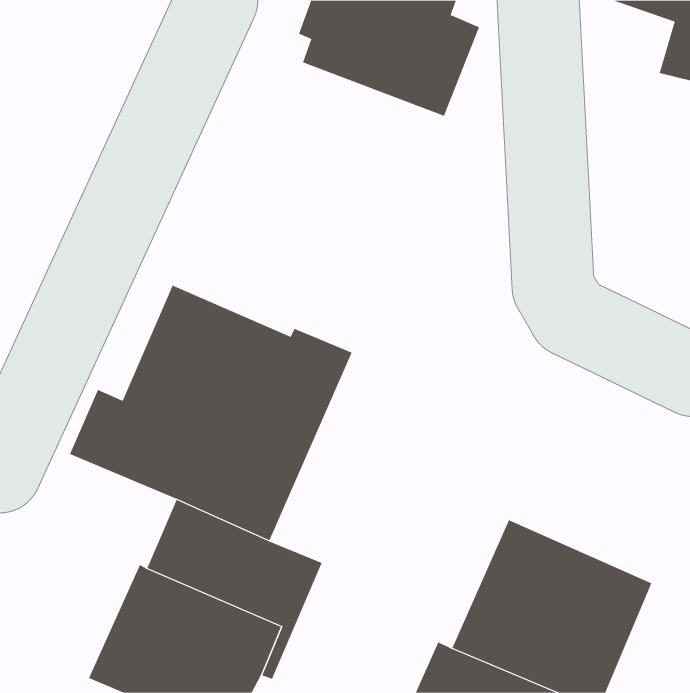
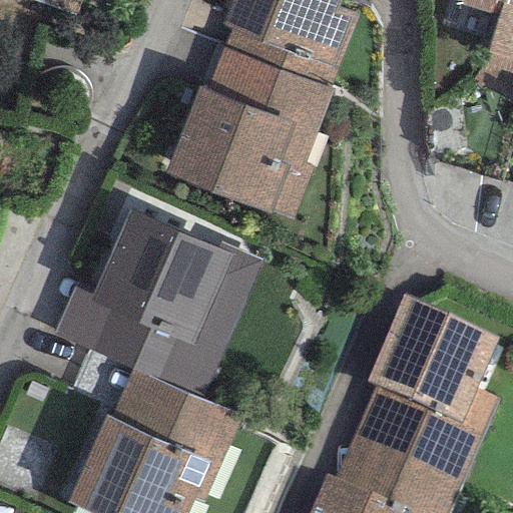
building: none -> [164,46,335,222]
building: none -> [367,297,499,431]

